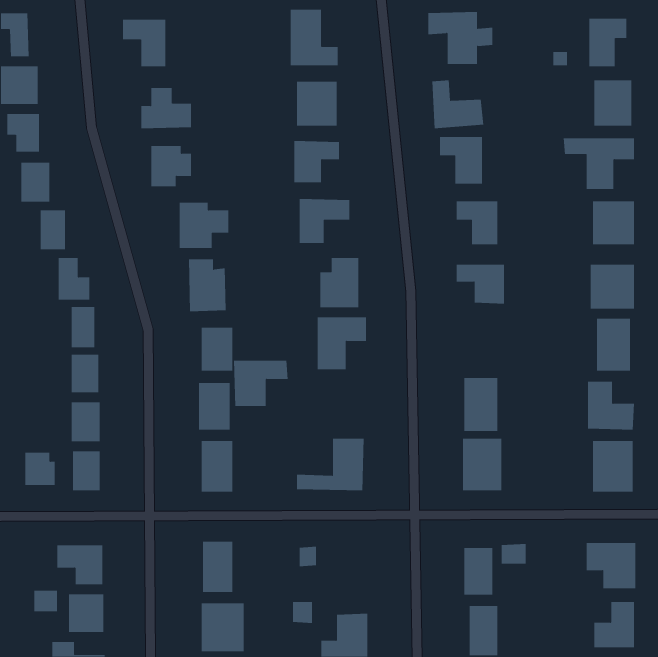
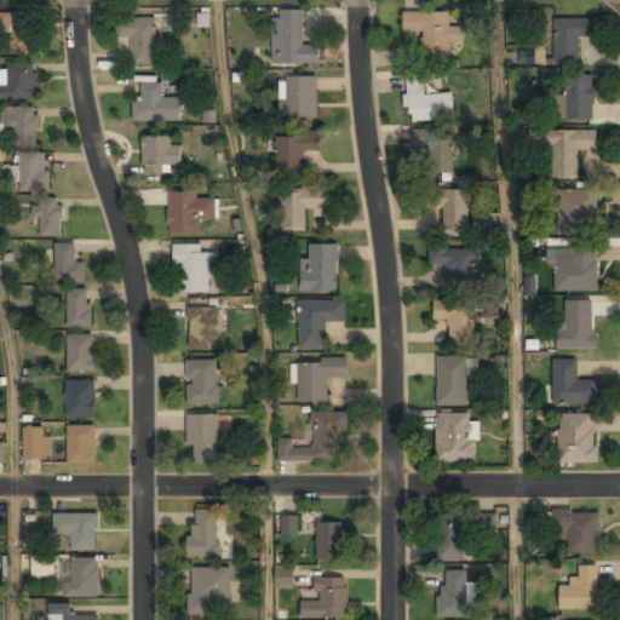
building: none -> [432,300,475,345]
building: [233,360,289,407] -> [297,358,349,402]
building: none -> [316,522,341,559]

